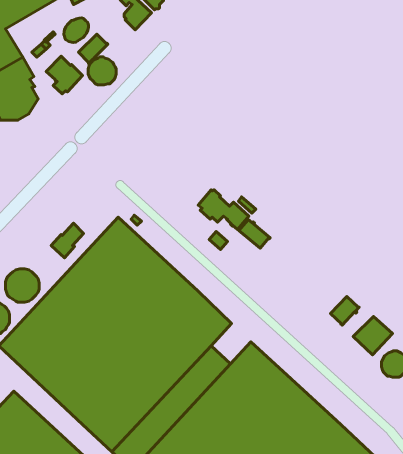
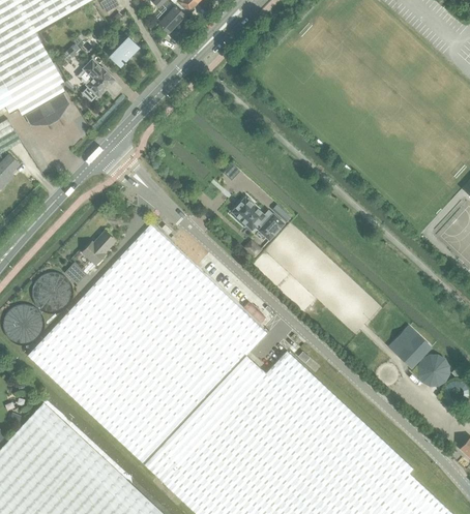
building: [64,18,89,43] -> none
building: [88,57,116,85] -> none
building: [239,219,270,248] -> none
building: [331,296,359,325] -> none

